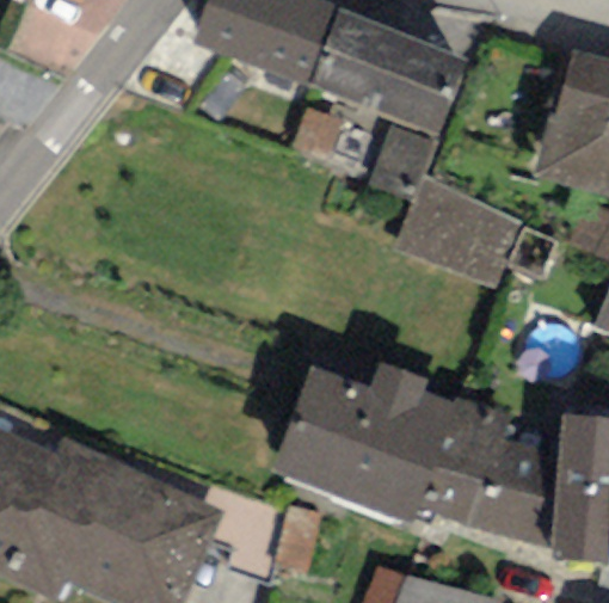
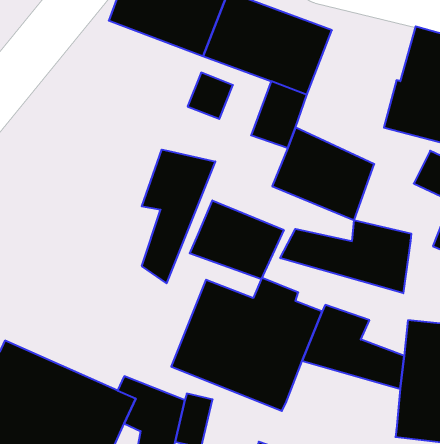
building: none -> [142,150,215,283]
building: none -> [190,200,284,279]
building: none -> [280,220,411,293]
building: [412,464,554,549] -> none

